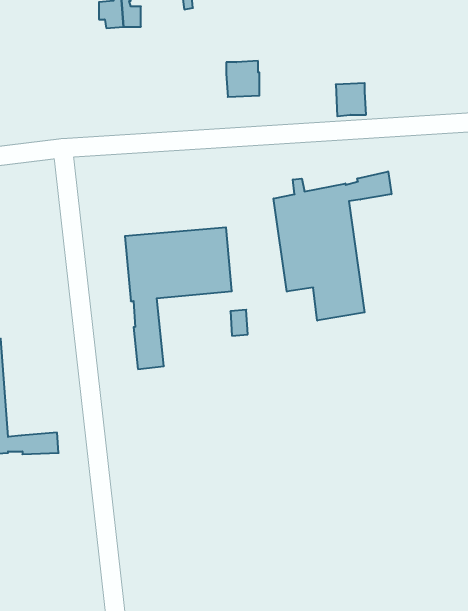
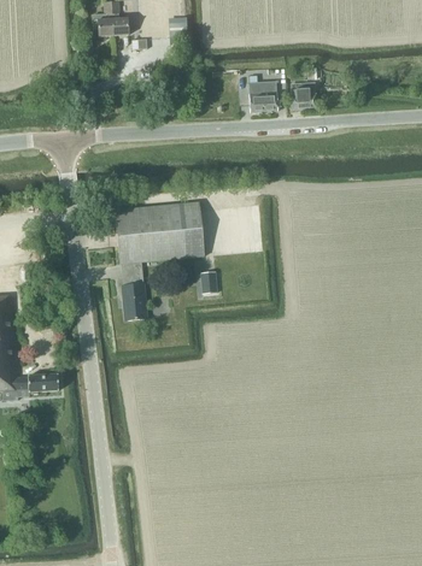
building: [226,61,259,97] -> [248,82,276,112]
building: [274,171,391,321] -> none

